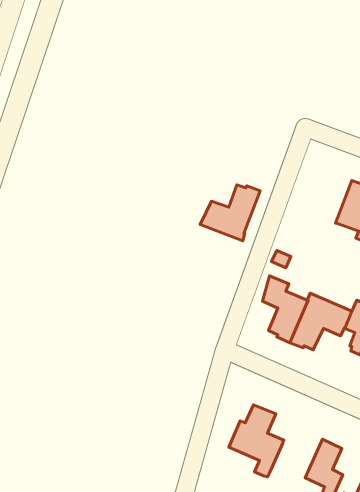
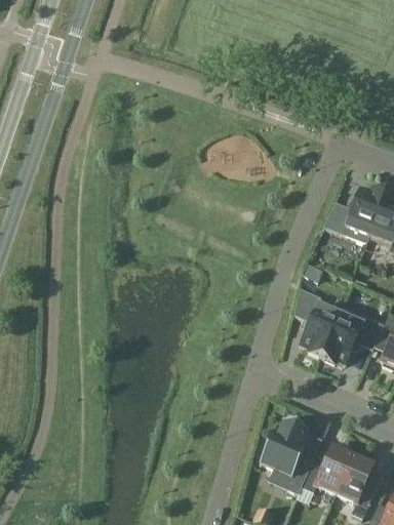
building: [200,185,260,241] -> [323,186,384,242]
building: none -> [302,444,354,492]

